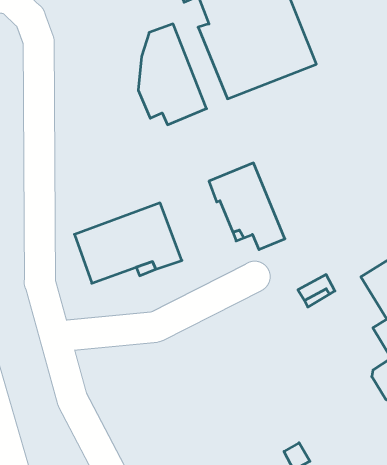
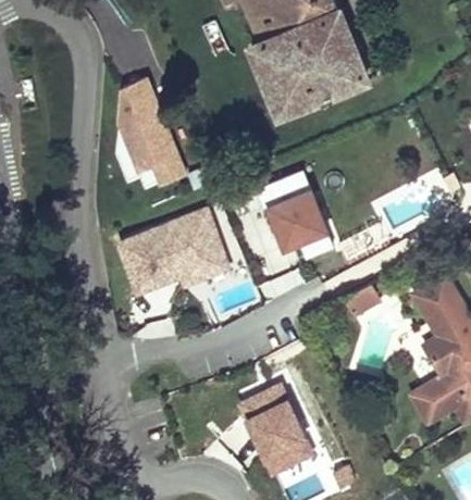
building: [138,24,207,125] -> [116,91,185,192]
building: none -> [239,372,315,466]

